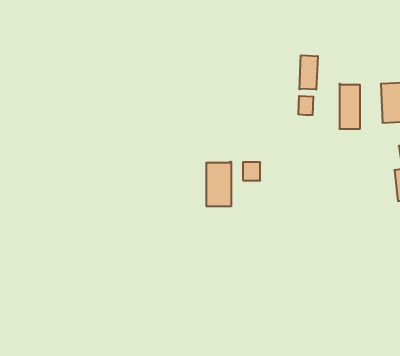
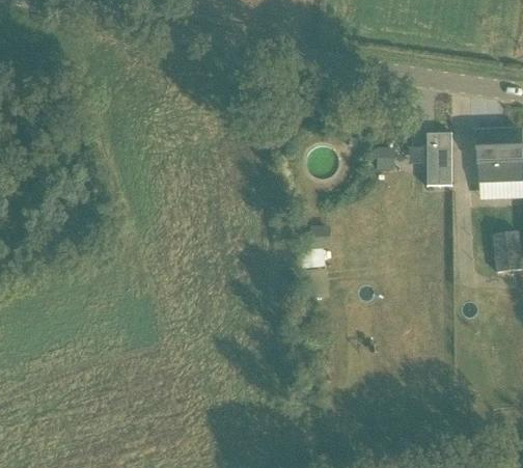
building: [299,55,318,90] -> none
building: [206,162,231,206] -> none

